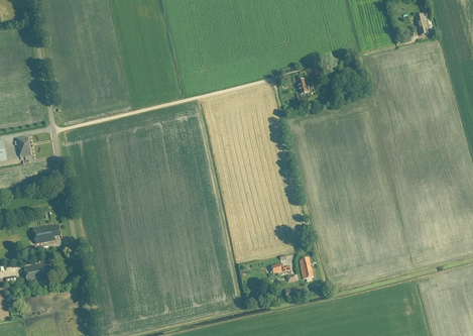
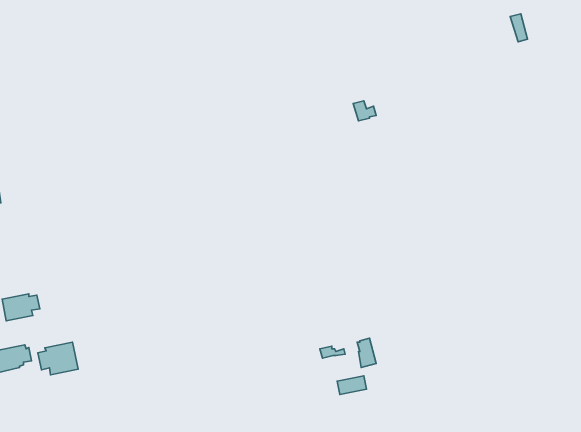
building: none -> [38,342,78,375]

